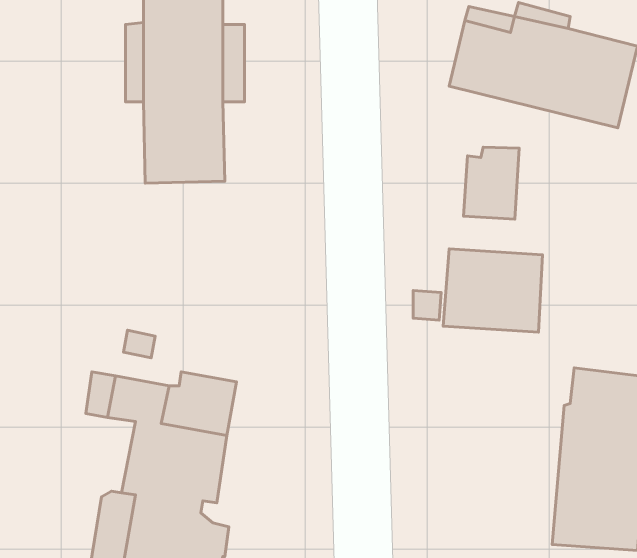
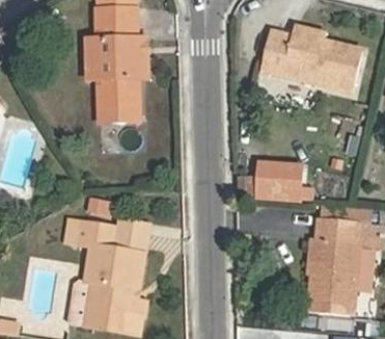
building: [464,147,519,219] -> none

